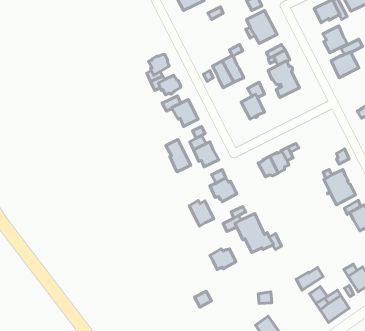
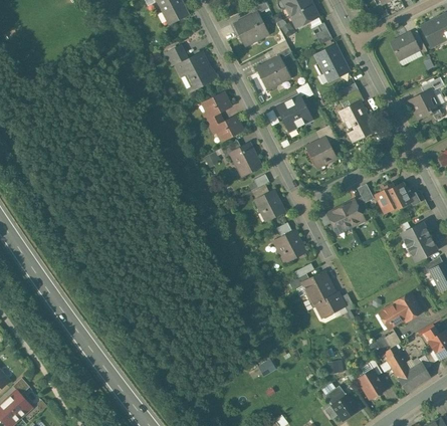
building: none -> [165,46,215,90]
building: none -> [257,57,289,89]
building: [323,26,348,53] -> none
building: none -> [375,184,411,214]
building: [166,140,191,172] -> none
building: [189,201,214,226] -> none
building: none -> [378,294,421,329]
building: [210,249,236,269] -> none
building: none -> [357,371,385,397]

